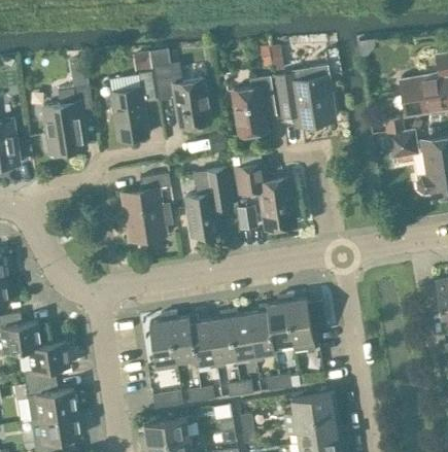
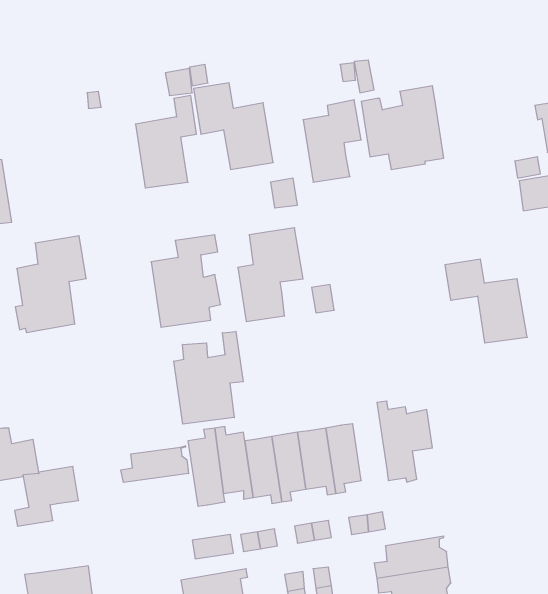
building: [41,84,93,154] -> [15,236,86,333]
building: [235,165,295,225] -> [445,259,527,343]
building: none -> [174,331,243,424]
building: [267,295,292,352] -> none
building: none -> [121,446,188,482]
building: [25,381,76,420] -> none

